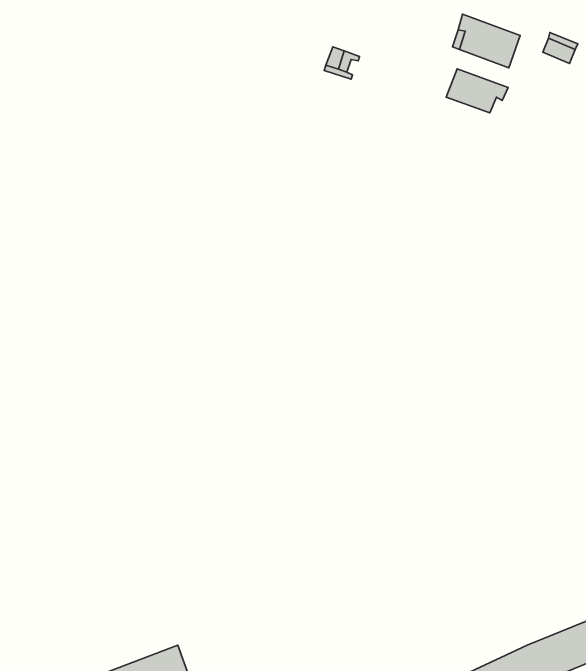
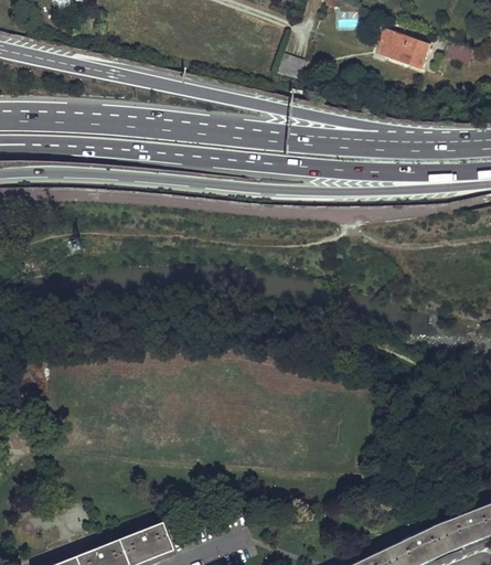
building: [446,69,508,113] -> none

